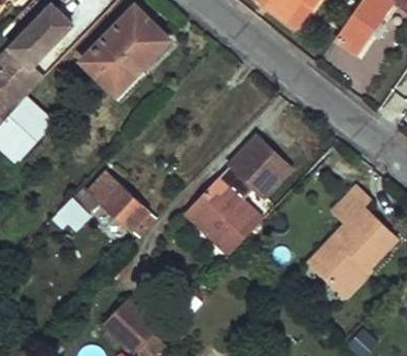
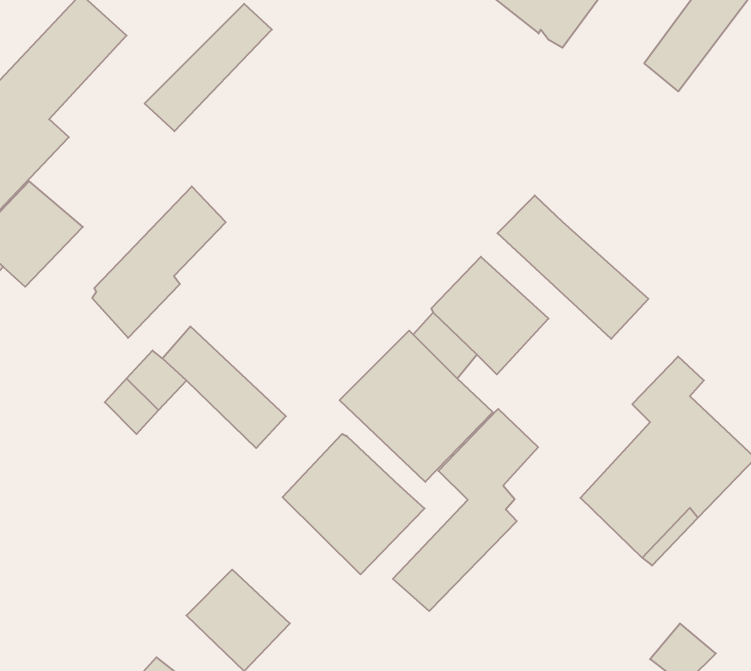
building: [96,19,165,97] -> [92,186,226,338]
building: none -> [497,195,648,339]
building: none -> [393,409,538,611]
building: none -> [283,434,425,574]

